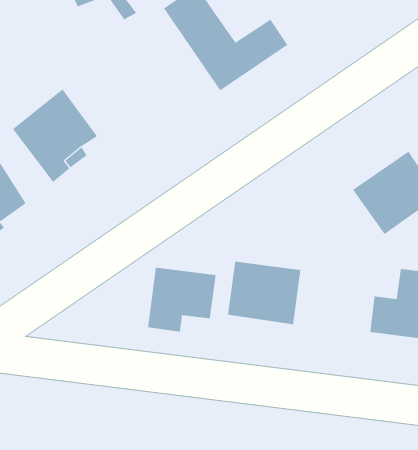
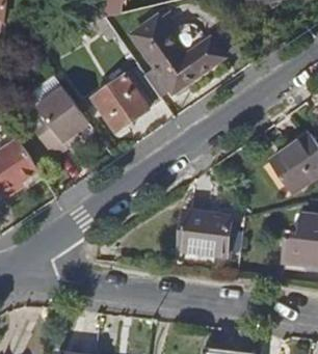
building: none -> [91,56,161,131]
building: [147,267,216,332] -> none

